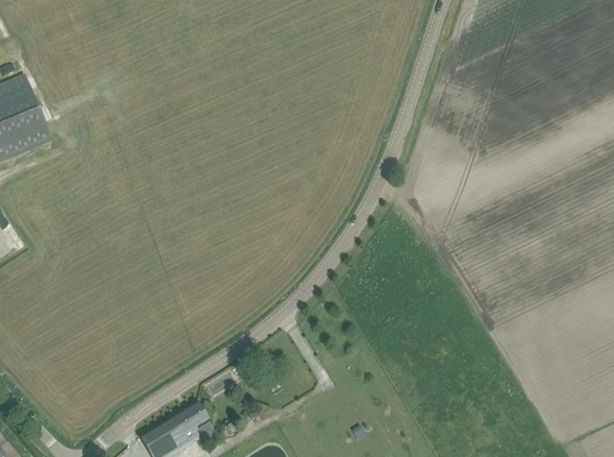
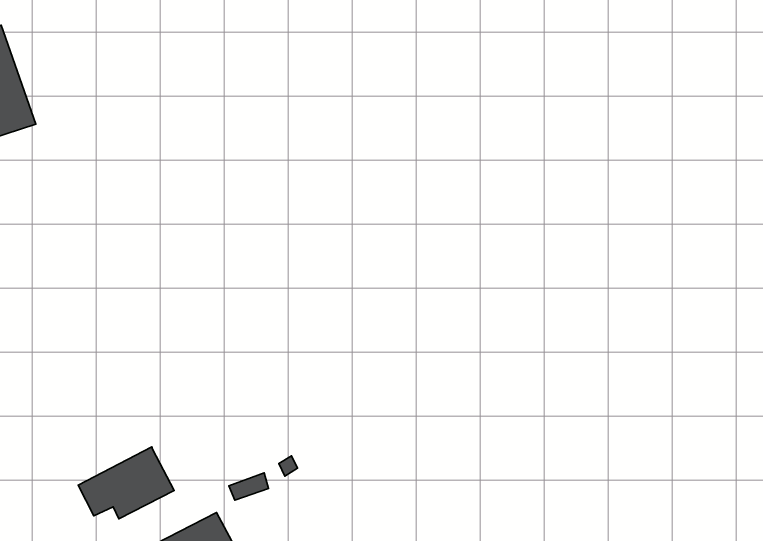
building: none -> [78,447,174,519]

